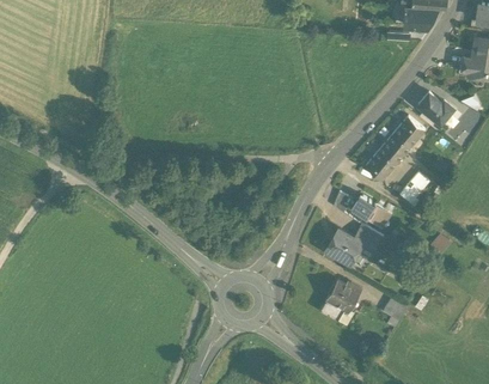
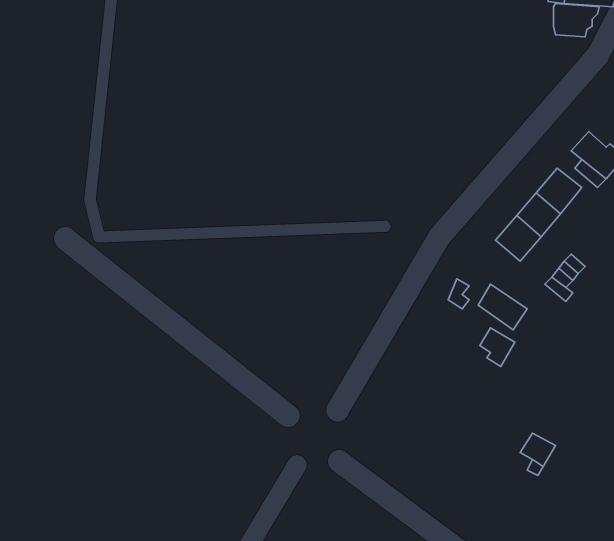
building: [326,228,362,264] -> none
building: [320,279,362,319] -> none

